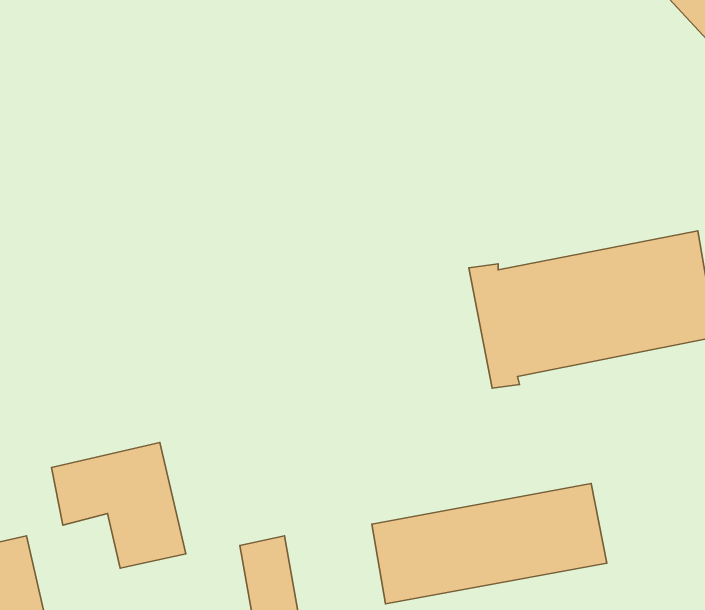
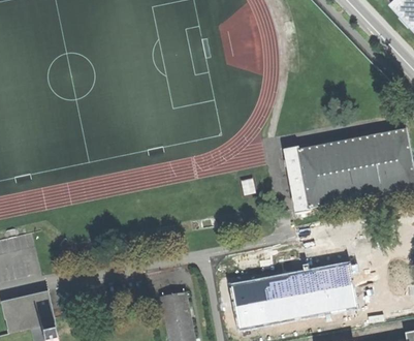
building: [51,443,186,568] -> none

